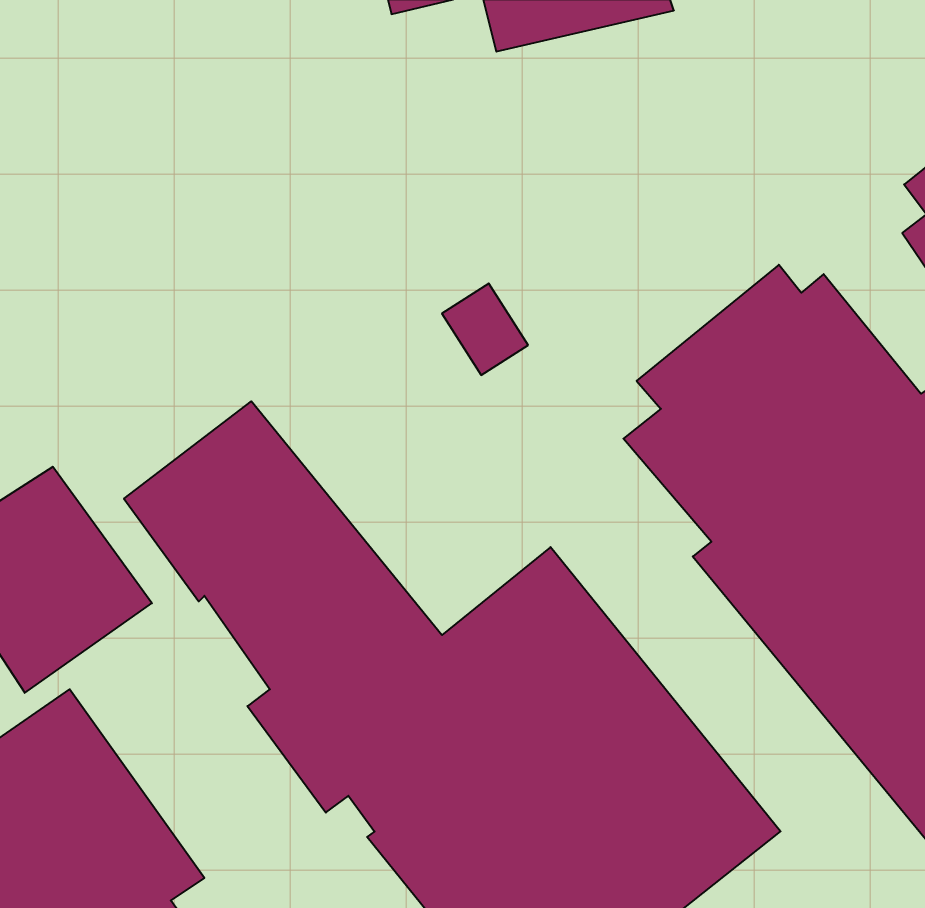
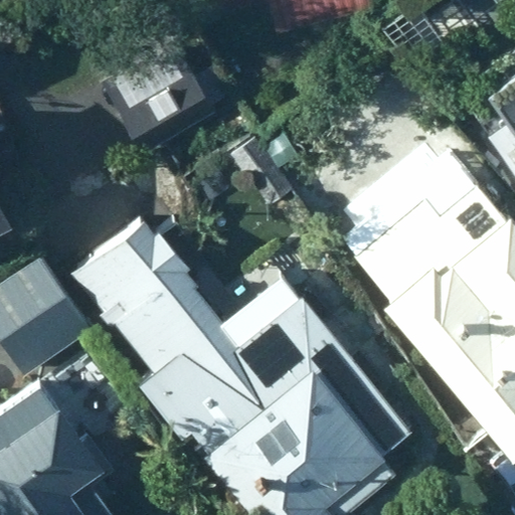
building: none -> [101,39,213,153]

